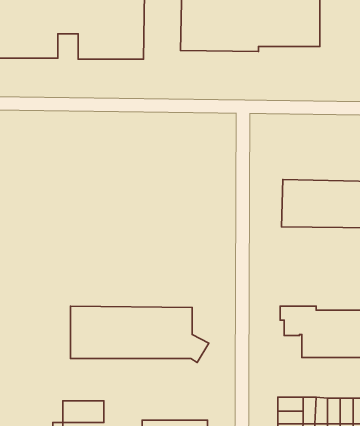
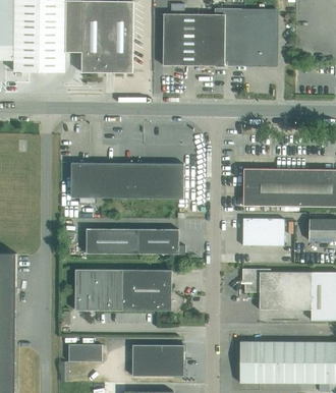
building: none -> [71,163,184,199]
building: none -> [242,218,285,246]
building: none -> [87,228,185,255]
building: none -> [132,344,184,359]

